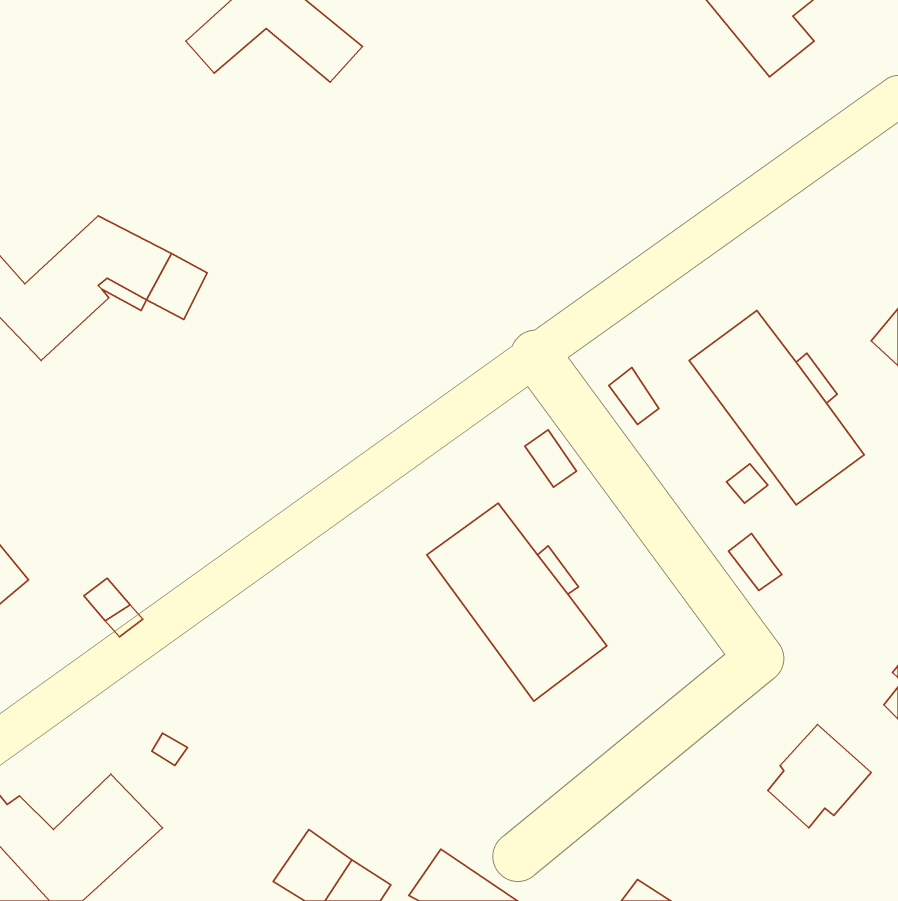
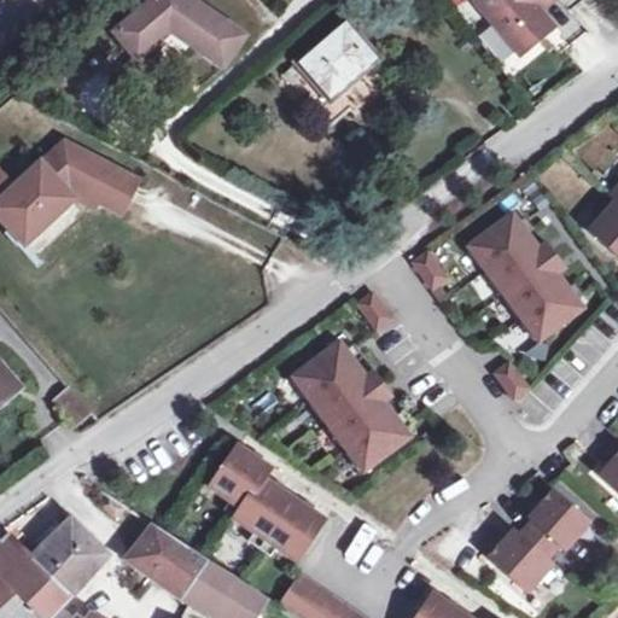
building: none -> [295,17,383,103]
building: none -> [210,444,322,558]
building: none -> [138,527,209,596]
building: none -> [479,529,552,594]

